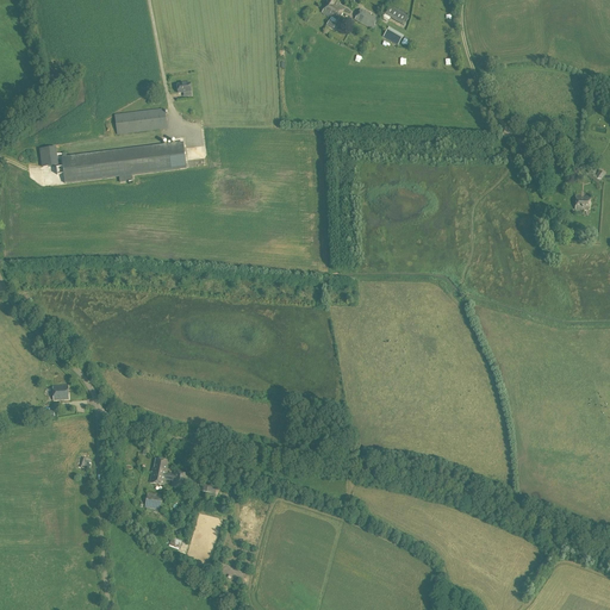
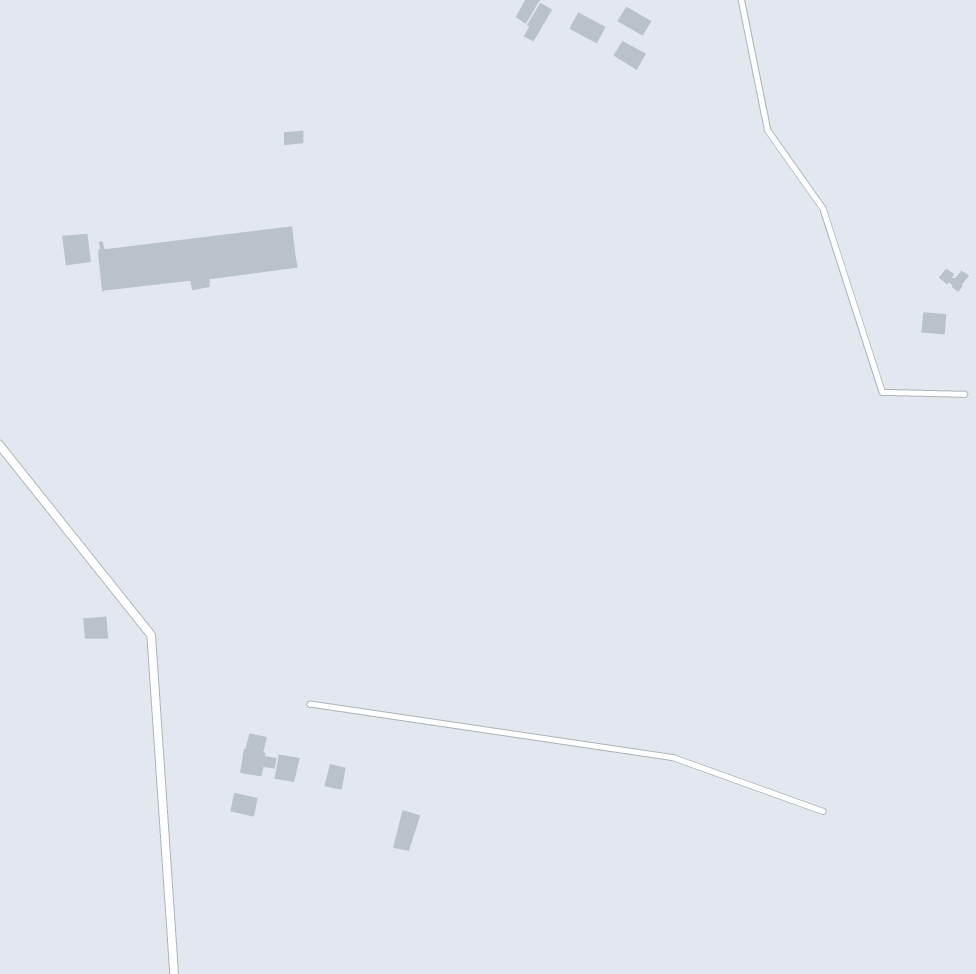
building: [113,106,166,133] -> none

